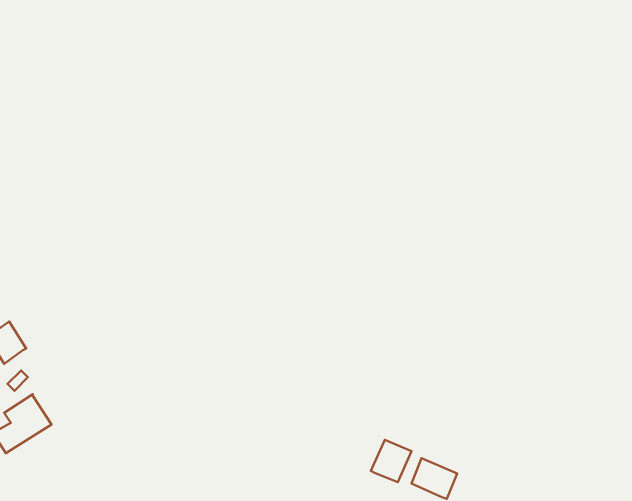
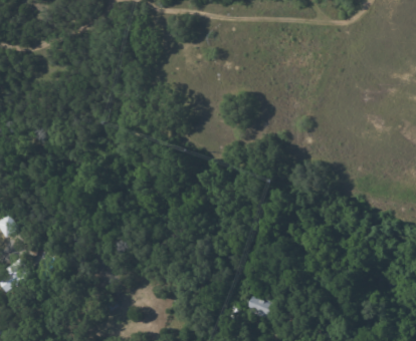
building: [371,440,412,482] -> none

